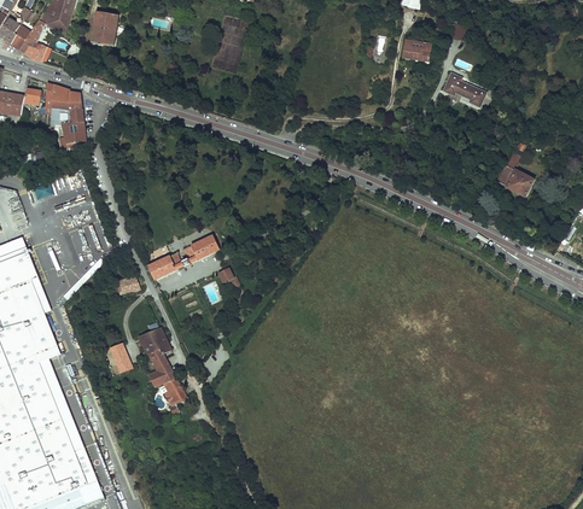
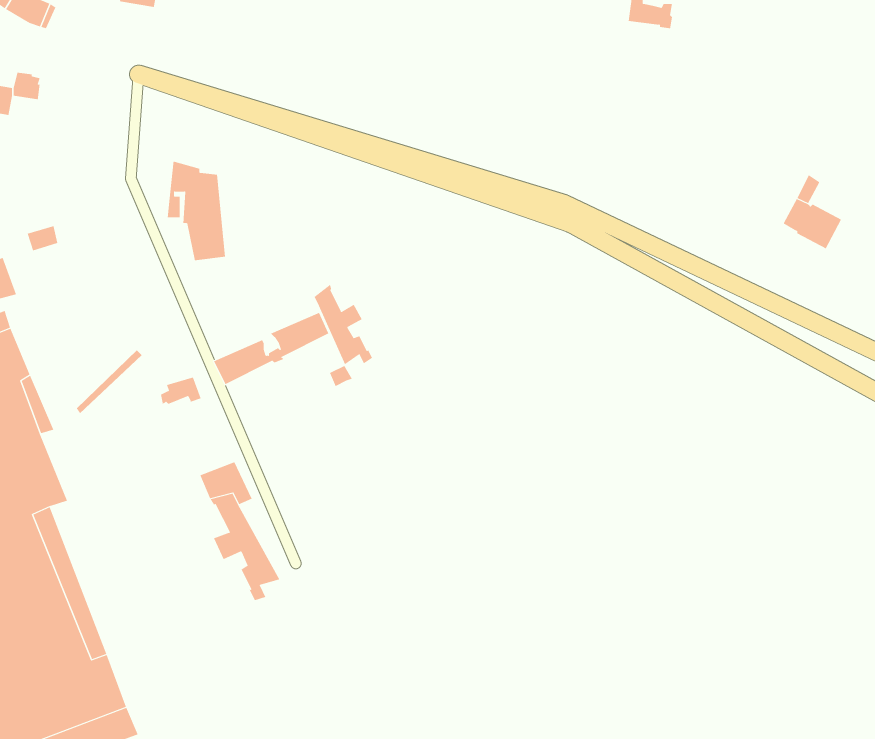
building: [443,72,486,106] -> none
building: [49,84,86,146] -> [167,161,226,261]
building: none -> [314,284,373,365]
building: [103,343,132,375] -> none

